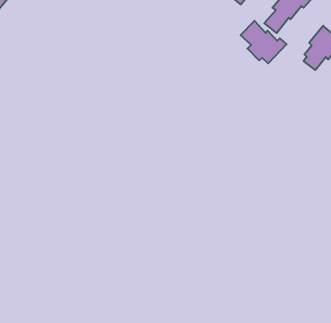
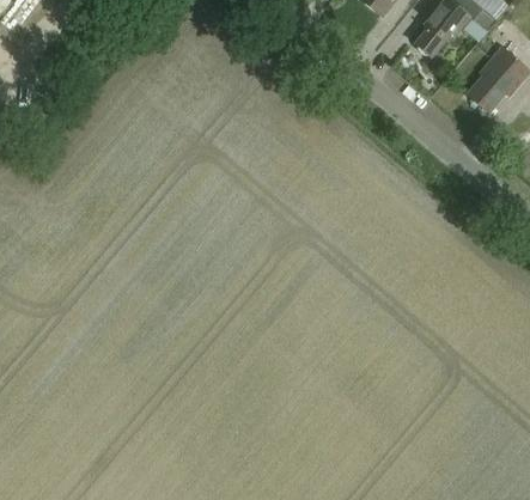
building: [241,21,287,63] -> none

